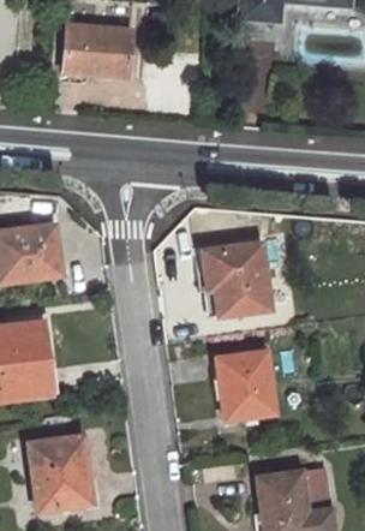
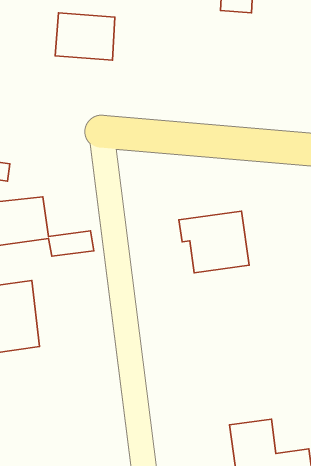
building: [217,354,274,420] -> none
building: [28,436,88,508] -> none

